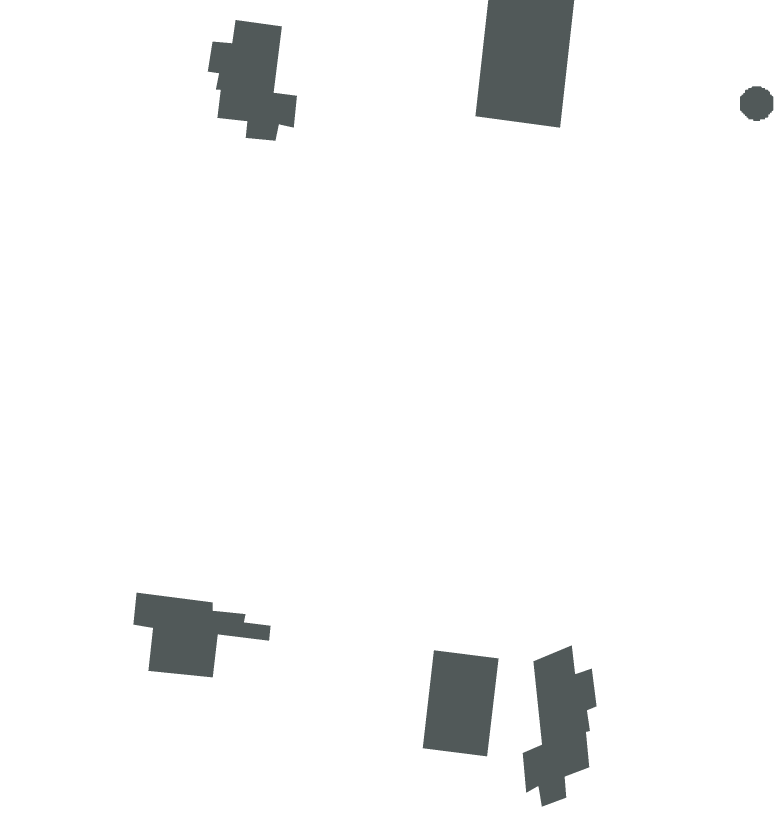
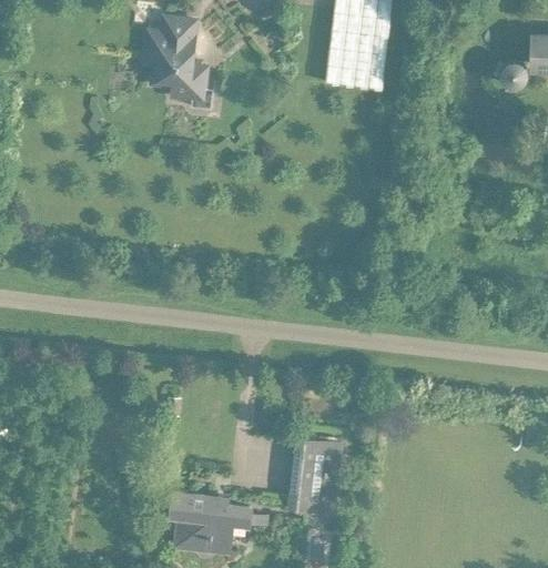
building: [132,592,271,678] -> [173,493,266,550]
building: [522,644,597,808] -> none

